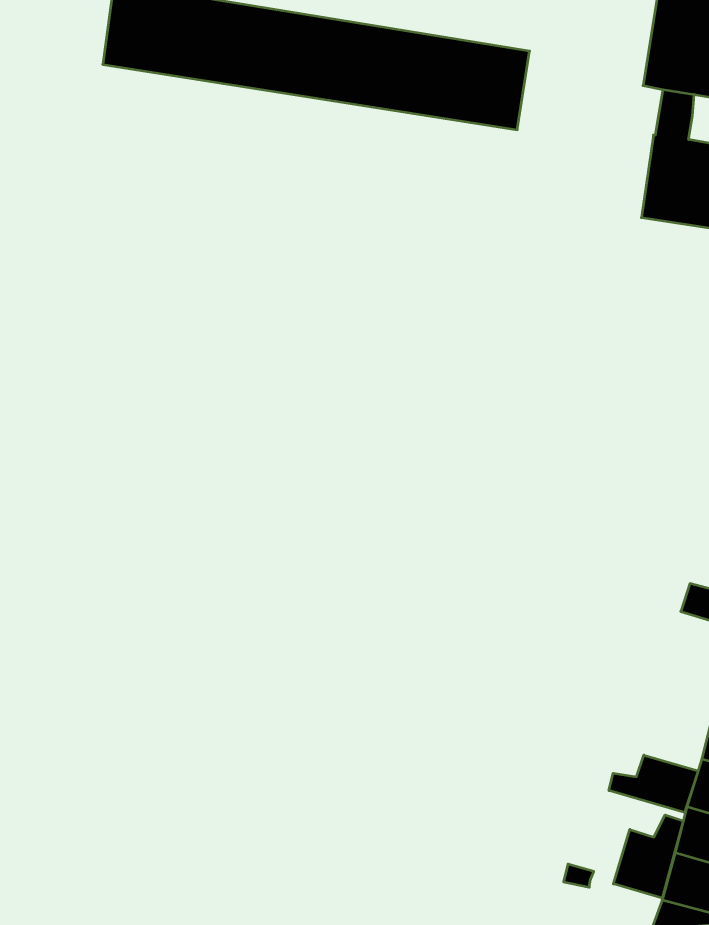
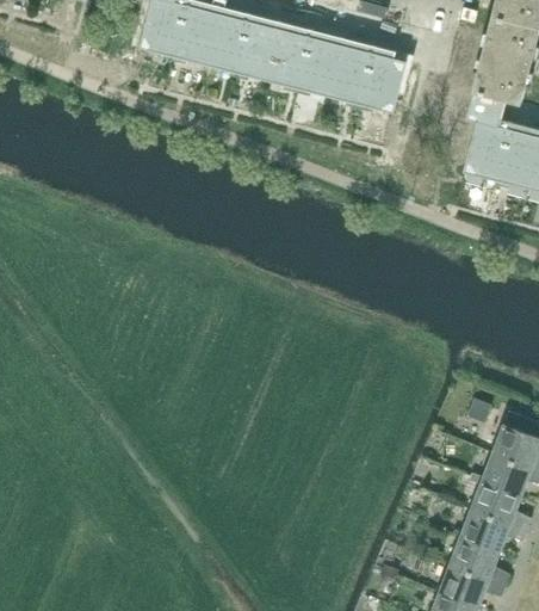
building: [609,755,698,812] -> none
building: [613,815,683,898] -> none

